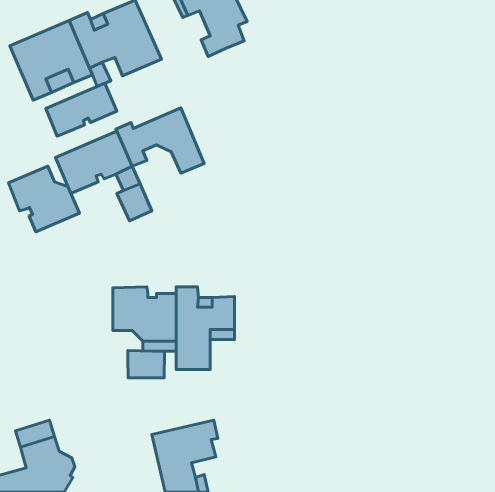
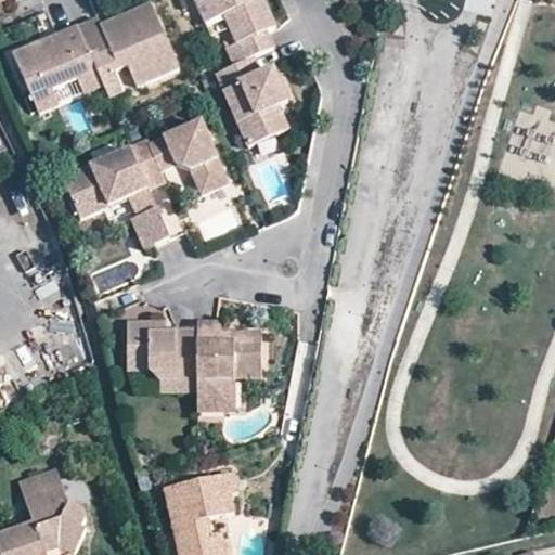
building: none -> [216,54,286,144]
building: [46,83,117,136] -> none
building: [8,166,79,232] -> none
building: [128,351,164,378] -> none

